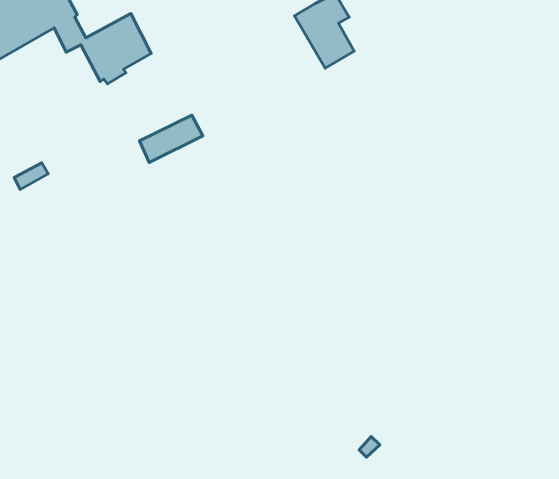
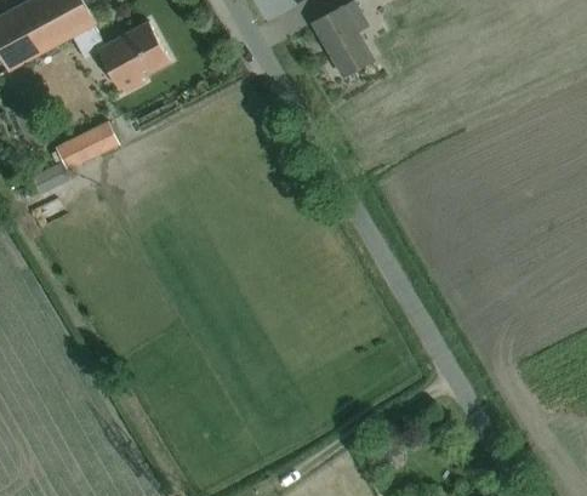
building: [140,115,203,163] -> [56,121,119,169]

